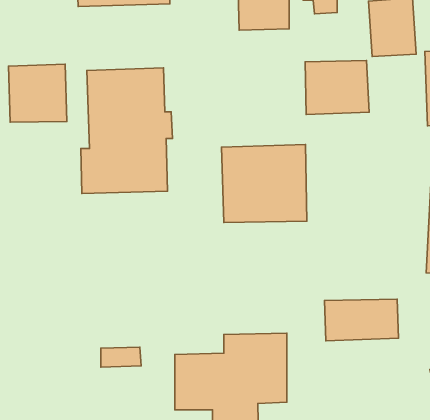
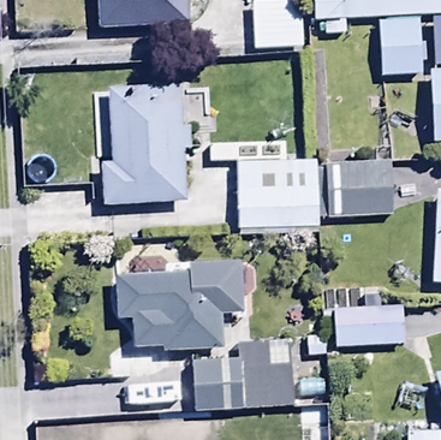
building: [305,60,369,115] -> [332,161,393,213]
building: [9,64,67,122] -> none
building: none -> [117,260,244,347]

